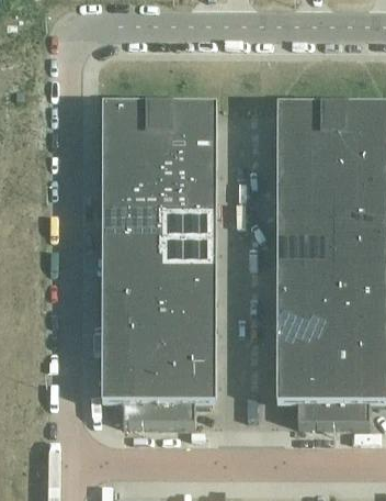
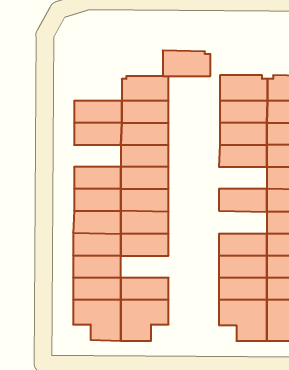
building: [103,100,160,131] -> [163,50,210,76]
building: [103,183,159,210] -> none
building: [276,210,333,236] -> none
building: [276,263,333,290] -> none
building: [159,316,216,343] -> none

